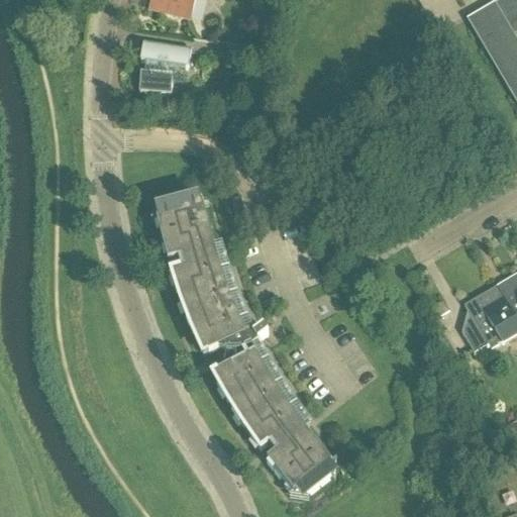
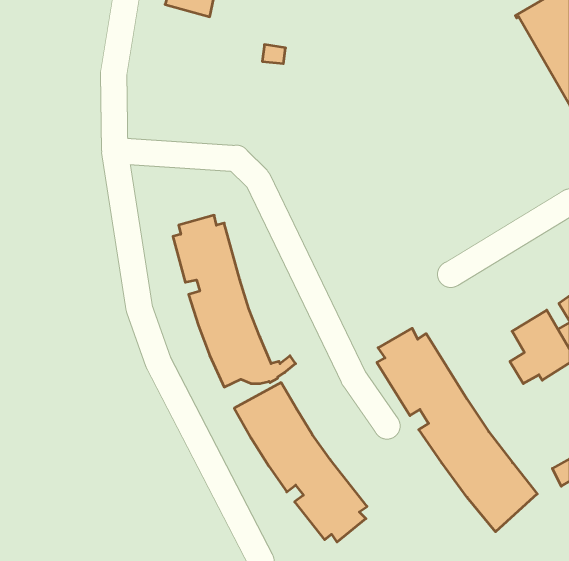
building: [140,37,192,90] -> none
building: none -> [377,328,537,532]

